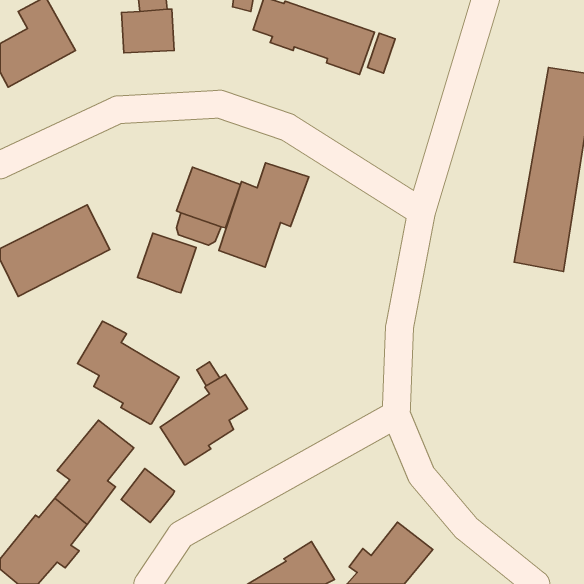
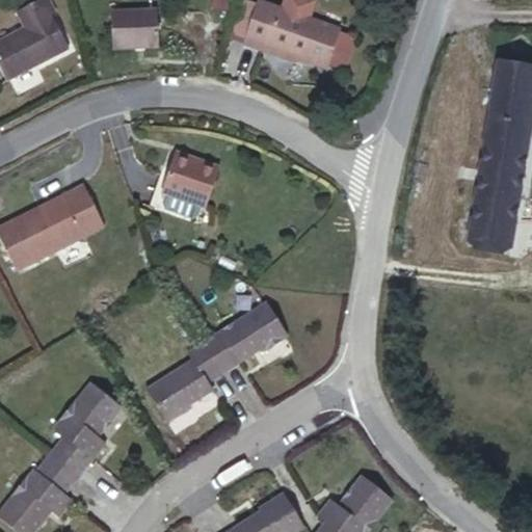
building: [219,163,309,267] -> none
building: [138,233,196,293] -> none
building: [78,321,179,424] -> none
building: none -> [206,300,289,371]
building: [121,469,175,522] -> none

